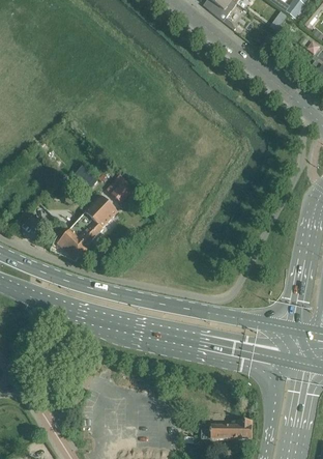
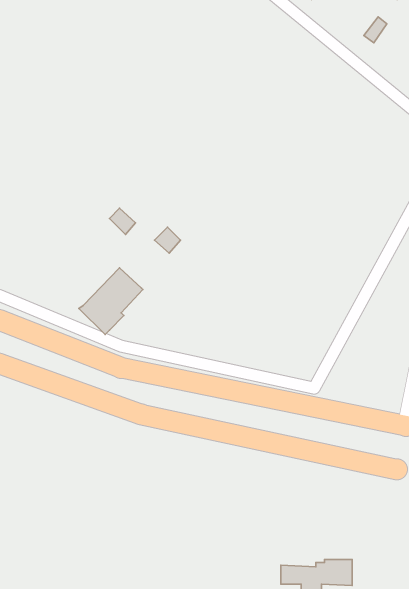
building: [86,195,118,226] -> none

